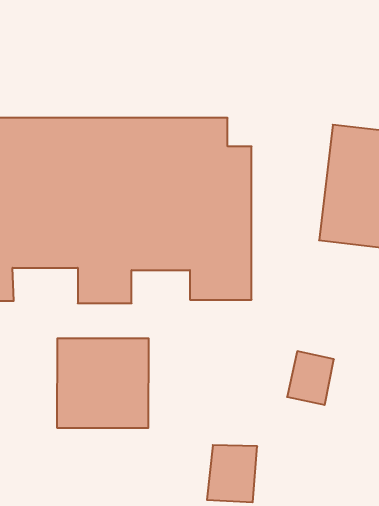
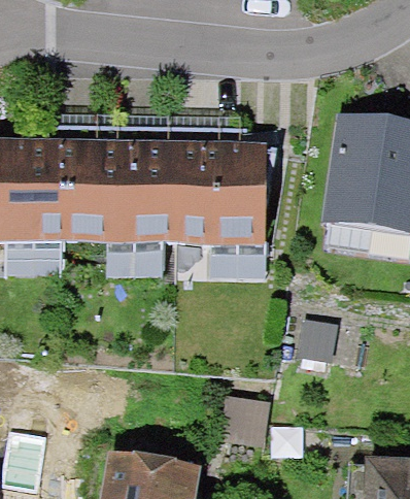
building: [57,338,149,428] -> none

